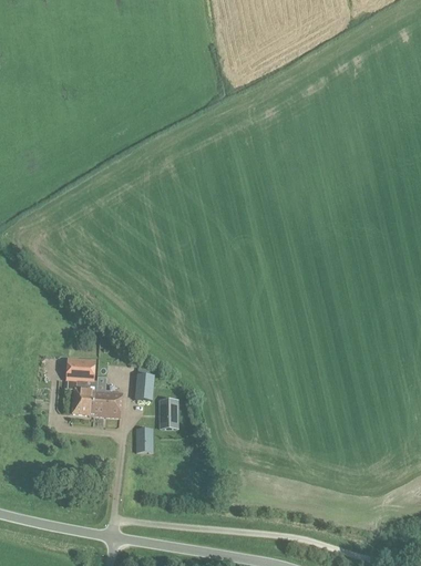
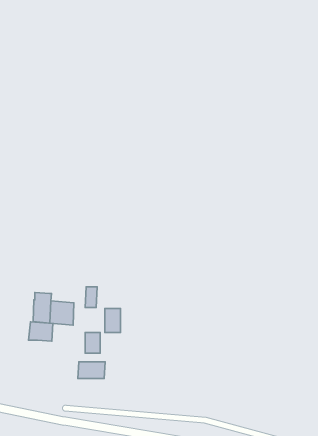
building: [66,358,95,381] -> [29,322,53,341]
building: none -> [78,362,105,379]

